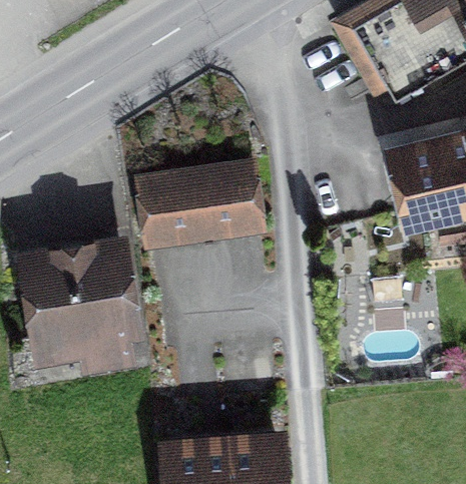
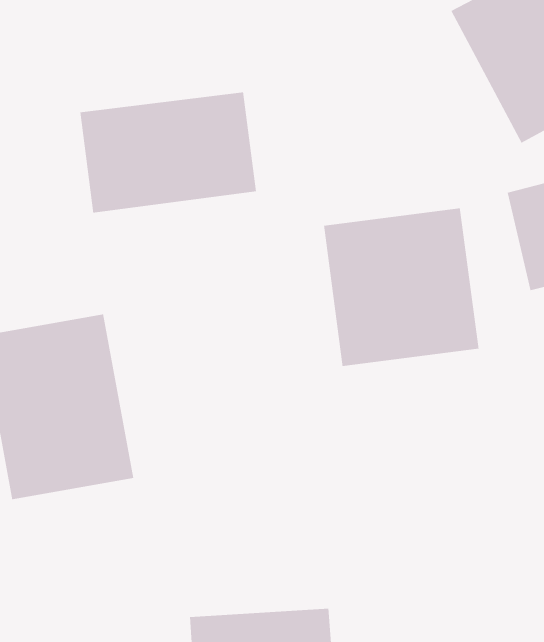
building: [137,159,261,244] -> [79,92,257,213]
building: none -> [323,208,479,367]

